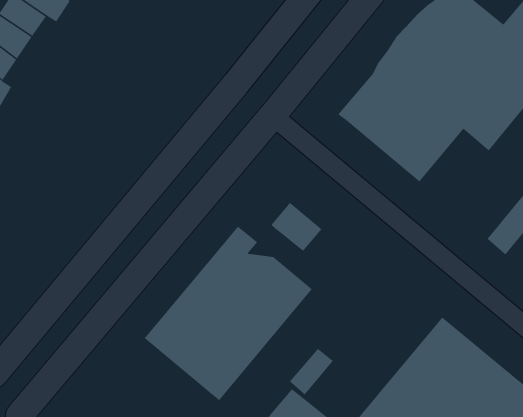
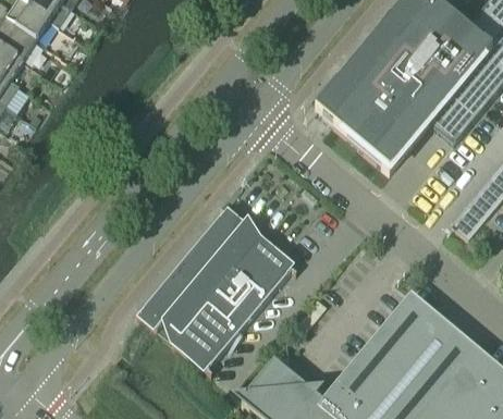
building: [271,202,322,252] -> none
building: [289,348,334,395] -> none

